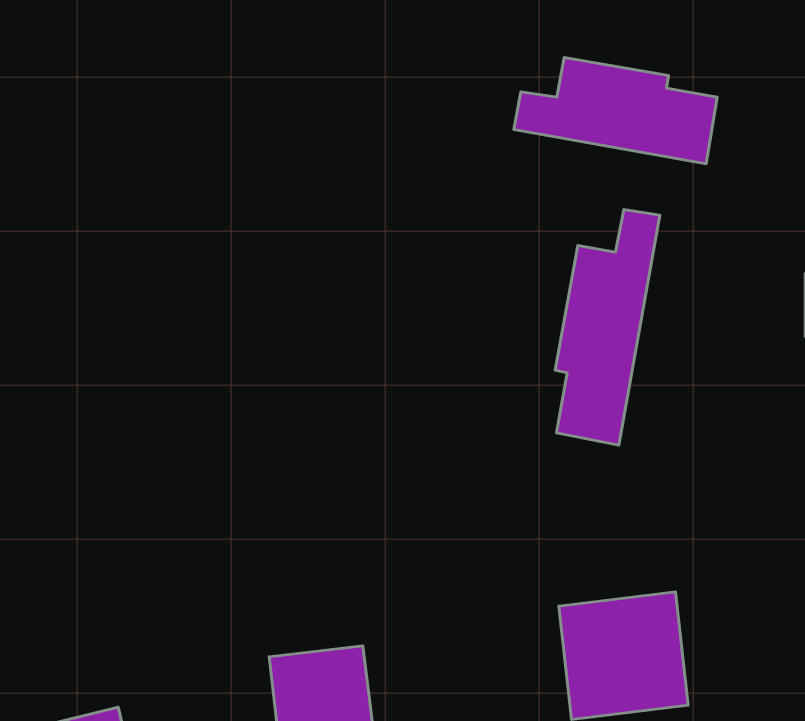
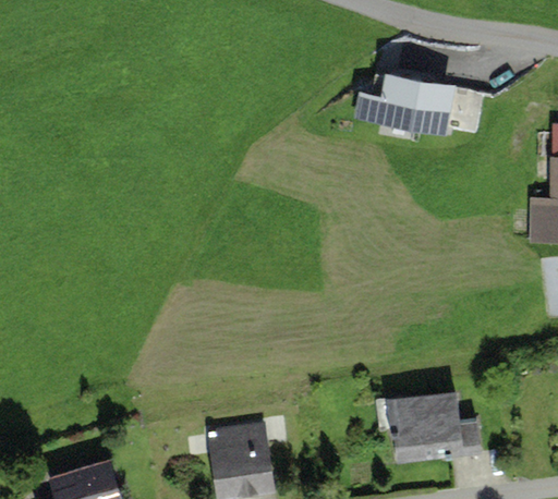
building: [555,209,660,445] -> none

